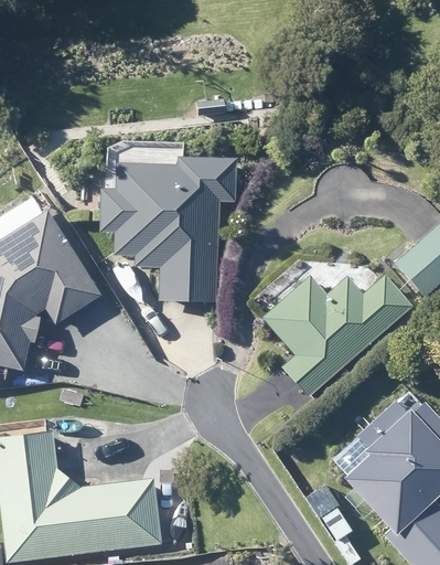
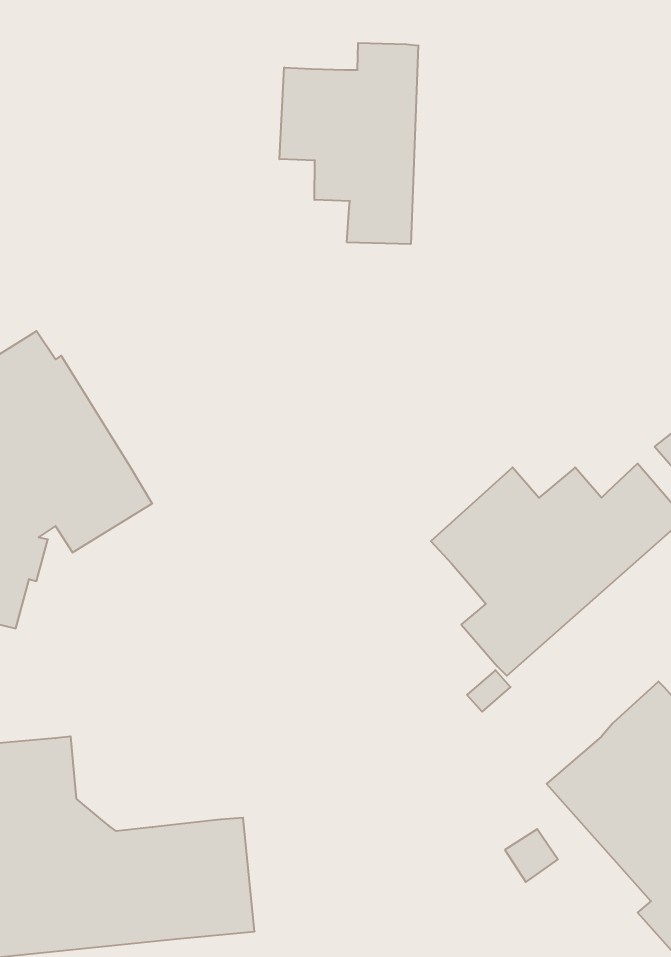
building: none -> [279,43,418,244]
building: [98,156,237,301] -> none

